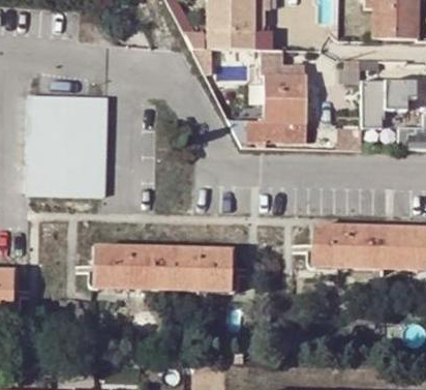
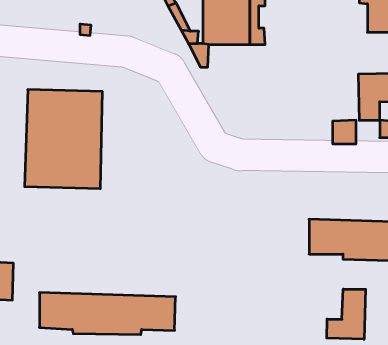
building: [229,56,304,140] -> none
building: [95,245,233,288] -> [39,293,176,335]
building: none -> [327,289,366,339]

